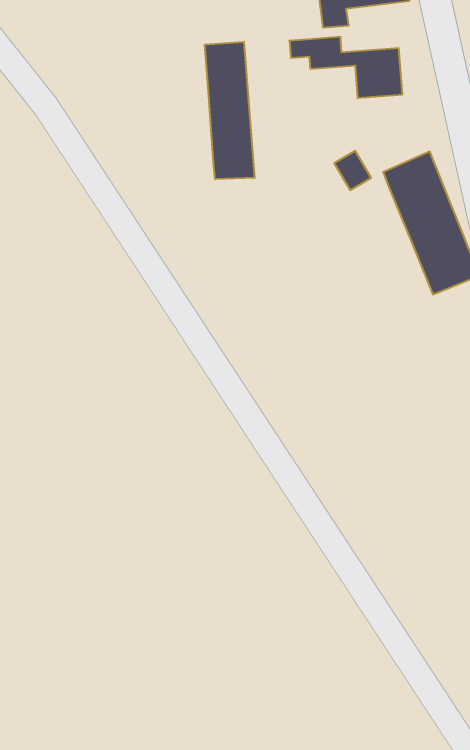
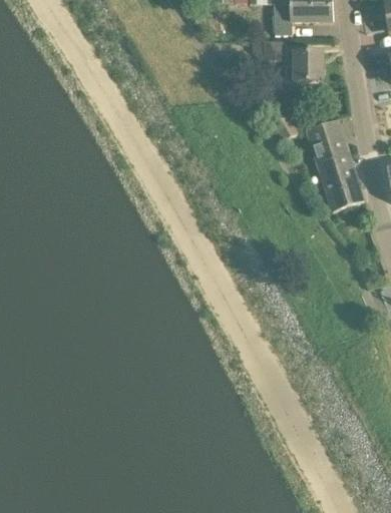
building: [205,42,255,179] -> none

